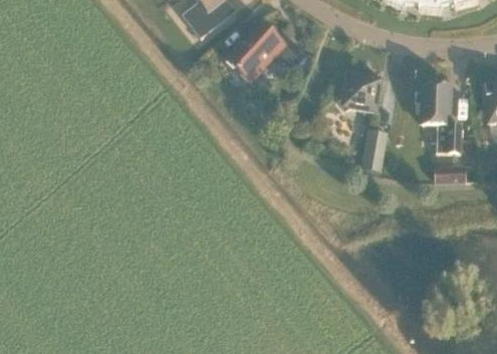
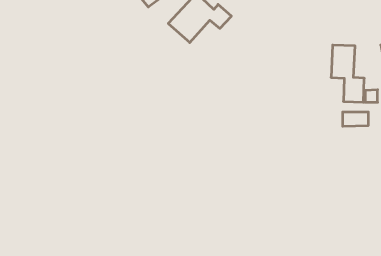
building: [341,70,383,110] -> none
building: [361,126,389,170] -> none

